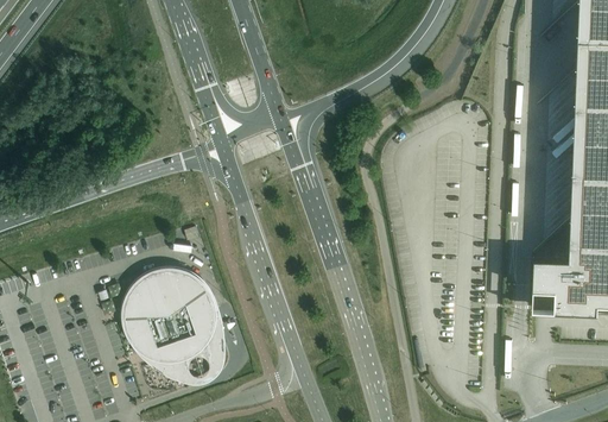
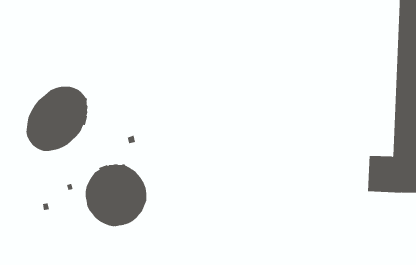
building: none -> [26,86,88,152]

